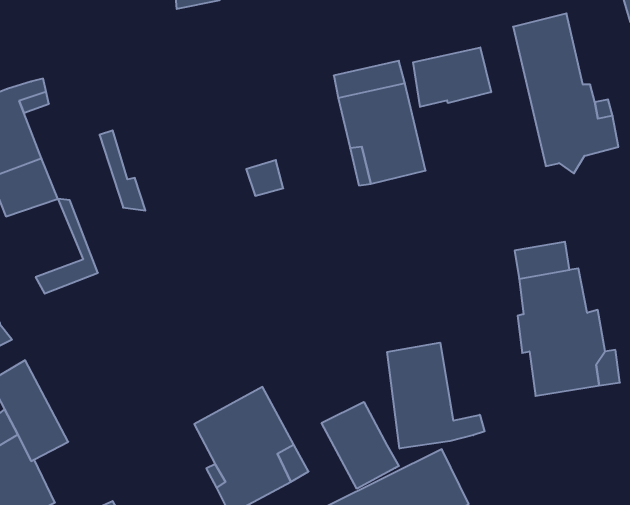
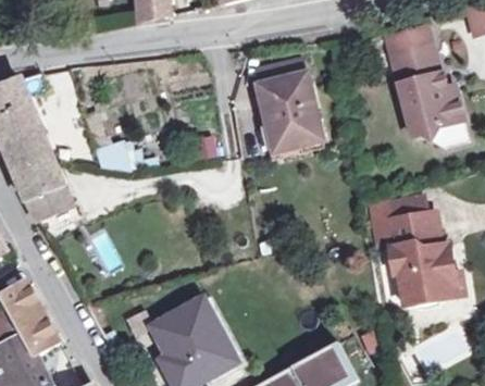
building: [413,47,491,107] -> none
building: none -> [13,160,70,217]
building: [387,343,485,449] -> none
building: [322,402,399,489] -> none

